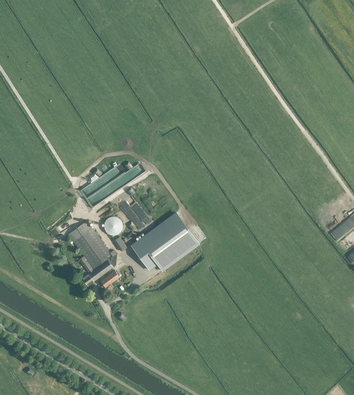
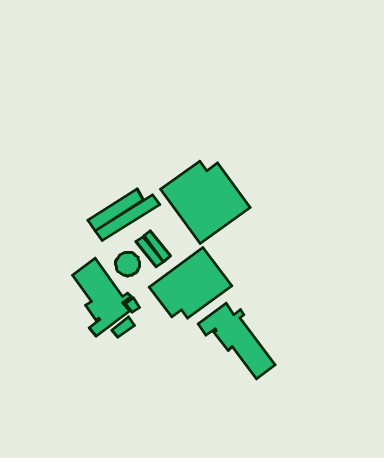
building: none -> [160,161,250,243]
building: none -> [198,303,275,379]

